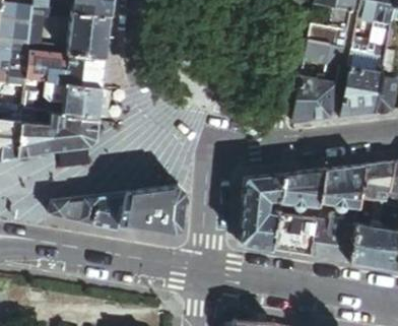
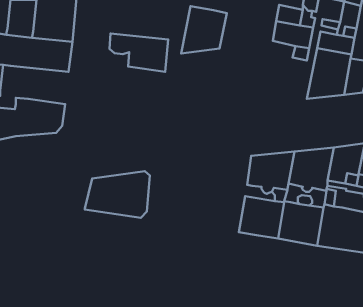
building: [292,77,337,124] -> [181,6,227,54]
building: [46,84,104,122] -> [109,33,168,72]
building: [240,173,283,248] -> none
building: [52,195,127,232] -> none

